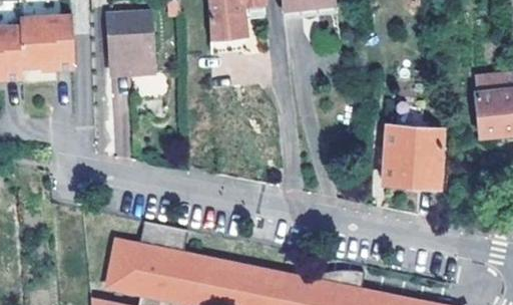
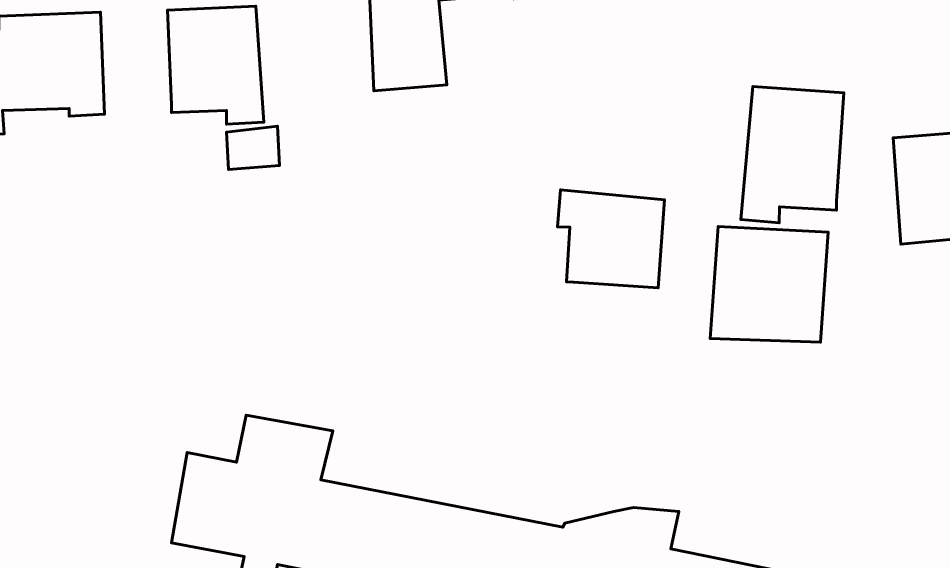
building: none -> [741,86,844,223]
building: none -> [558,190,664,288]

